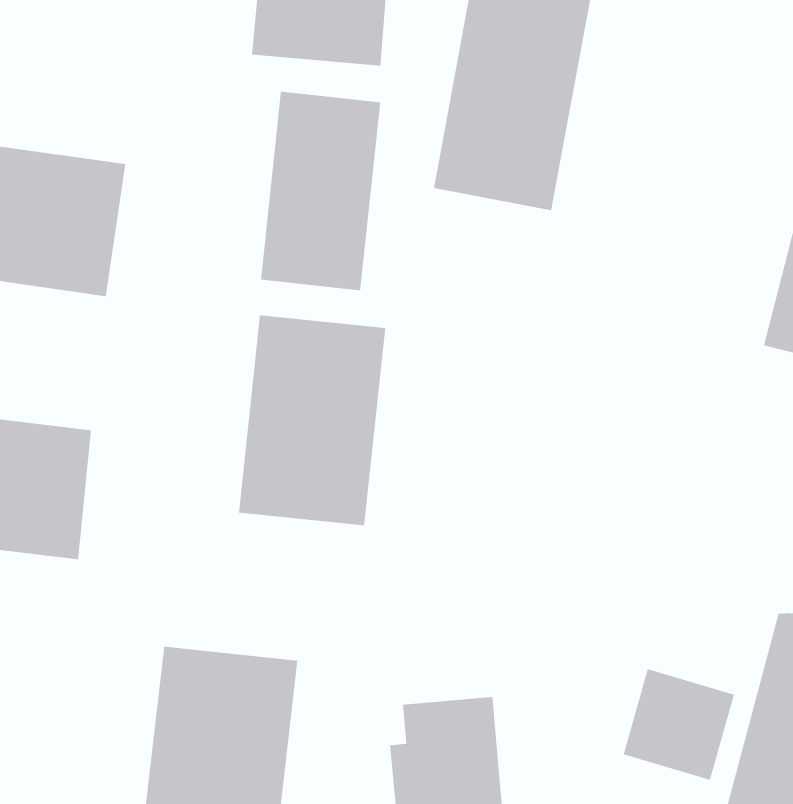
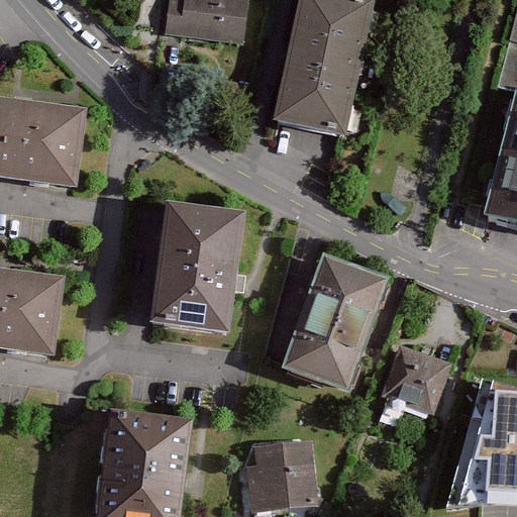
building: [260,91,381,291] -> none
building: none -> [281,254,391,399]
building: [623,668,735,780] -> [378,346,447,416]

